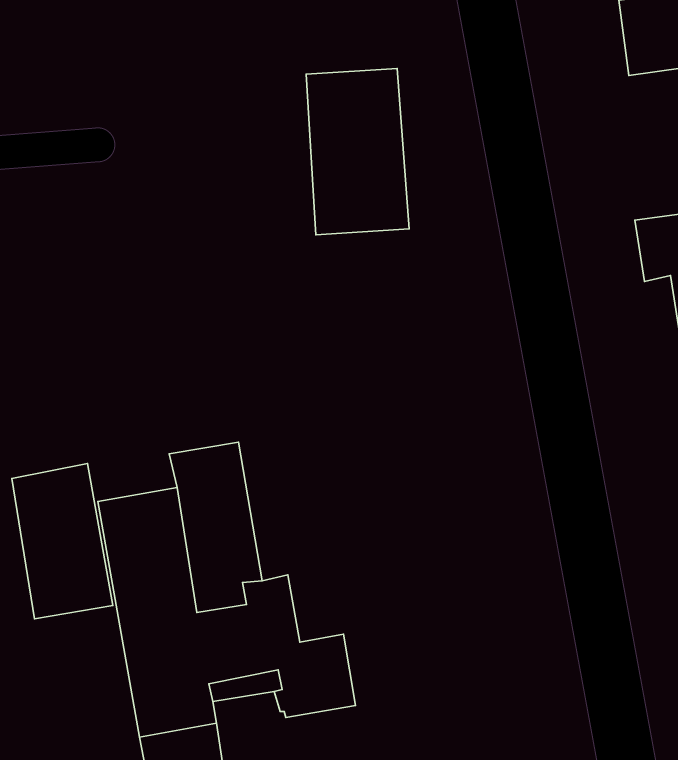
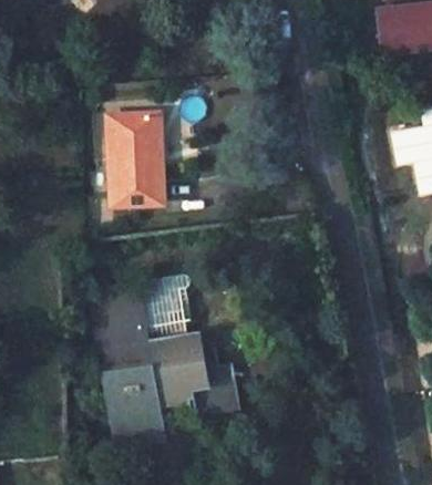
building: [306,68,409,235] -> [110,113,167,206]
building: [12,463,113,619] -> none

